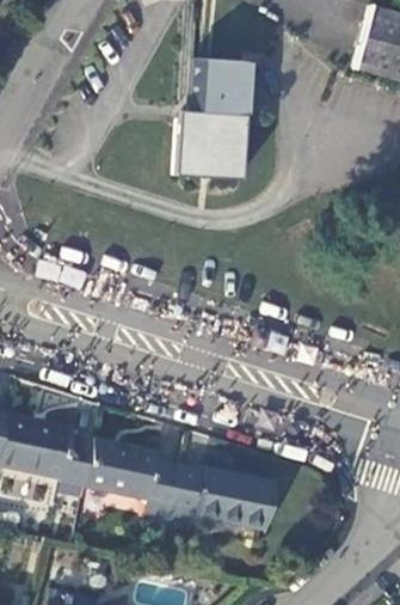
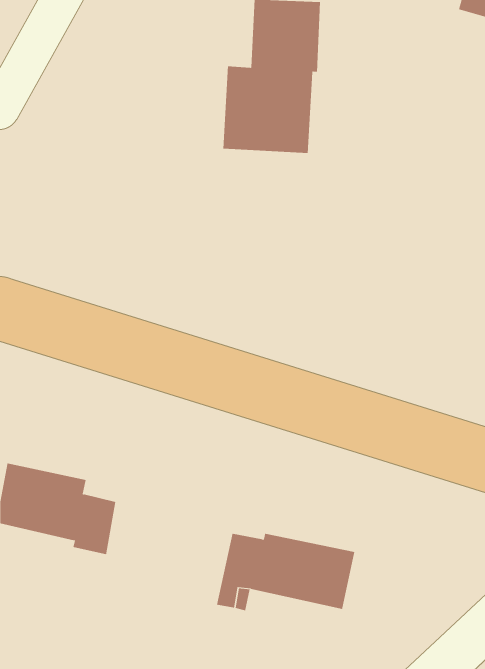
building: [92,440,187,525] -> none

